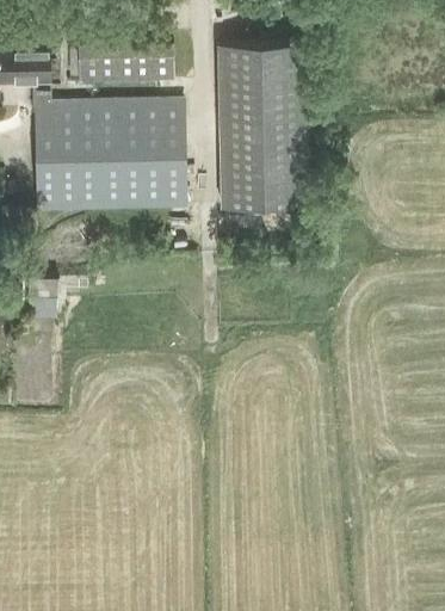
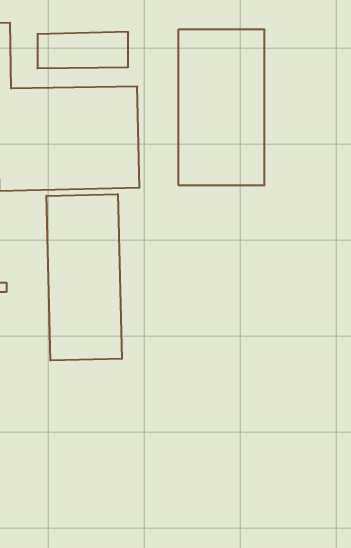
building: none -> [46,194,122,361]

